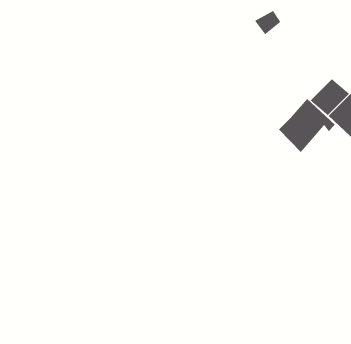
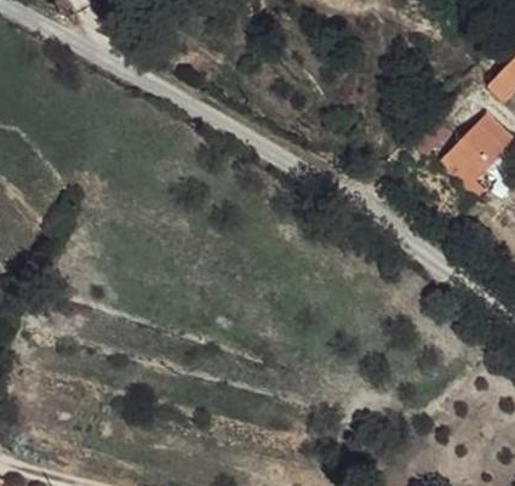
building: [278,98,335,153] -> none

